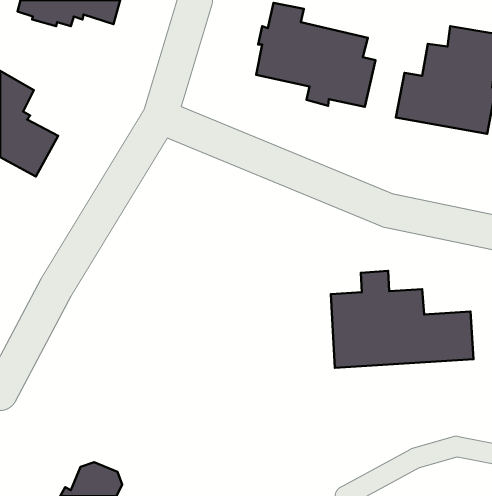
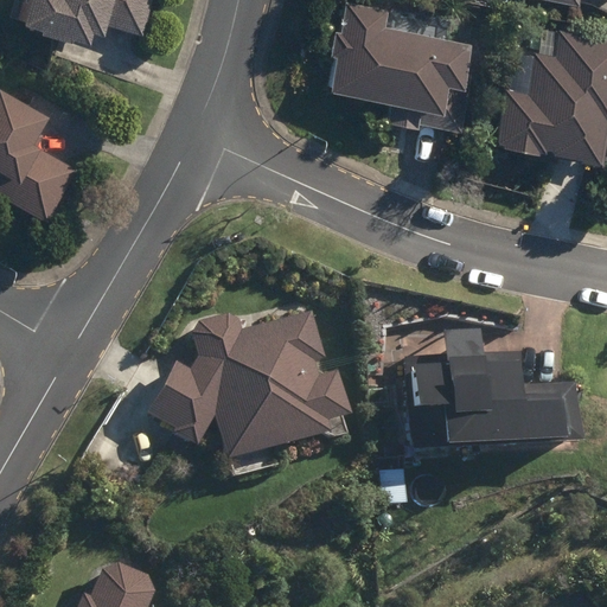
building: none -> [151,311,351,458]

